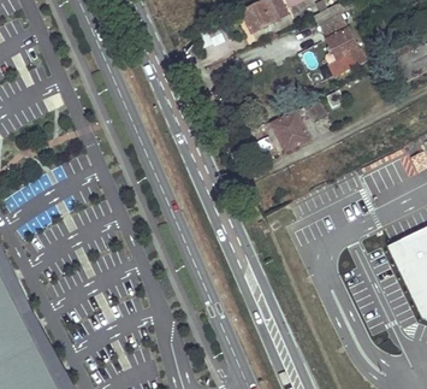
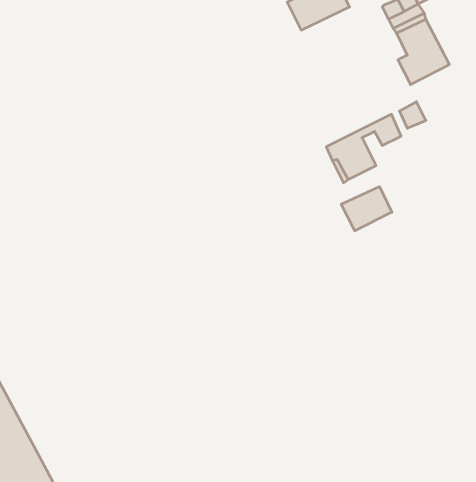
building: none -> [341,187,392,231]

